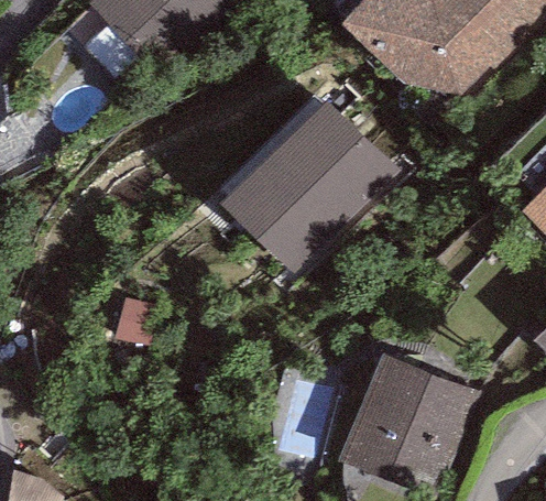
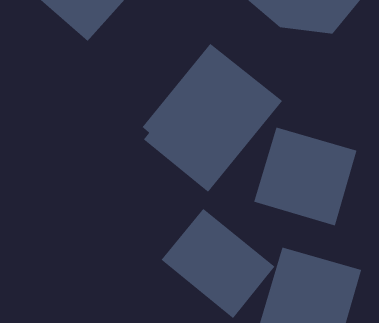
building: none -> [253,127,357,226]
building: none -> [160,208,276,319]

